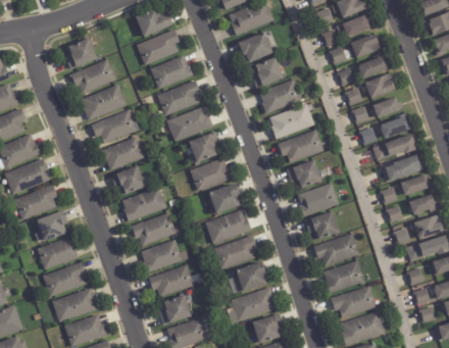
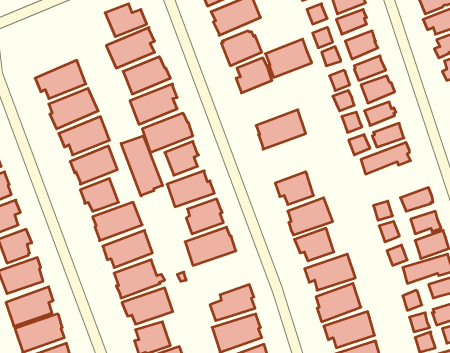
building: [64,37,98,69] -> none
building: [259,79,301,113] -> [265,39,312,77]
building: none -> [121,136,163,196]
building: [278,129,325,163] -> none
building: [373,154,416,182] -> none
building: [212,236,256,270] -> none

